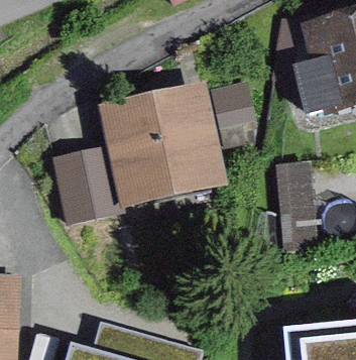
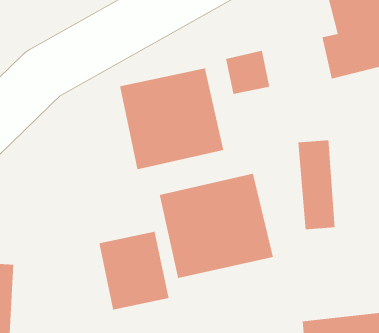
building: [56,149,122,223] -> [98,231,169,311]
building: none -> [159,173,274,279]

